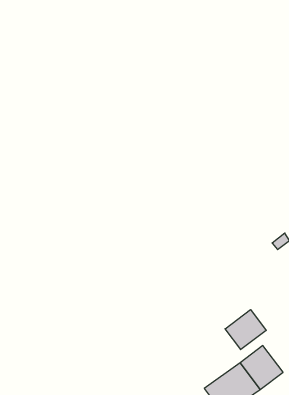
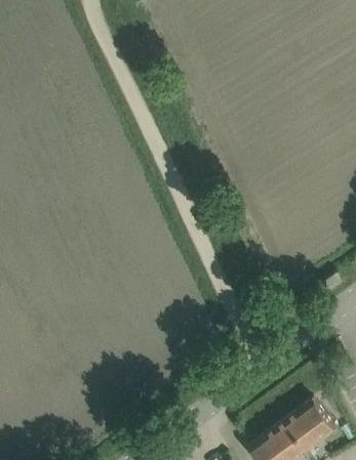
building: [225,310,266,350] -> none

